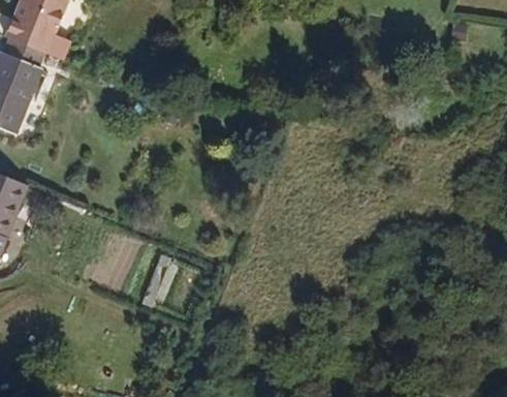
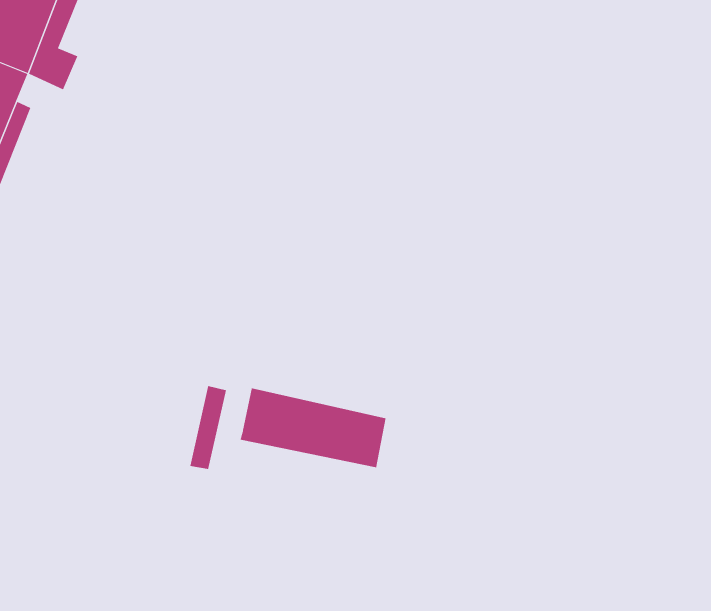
building: none -> [240,388,386,468]

